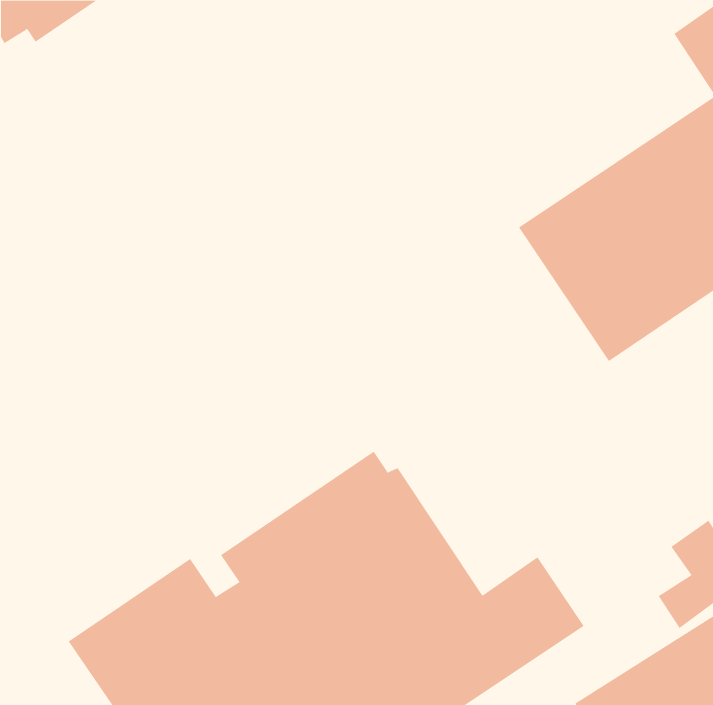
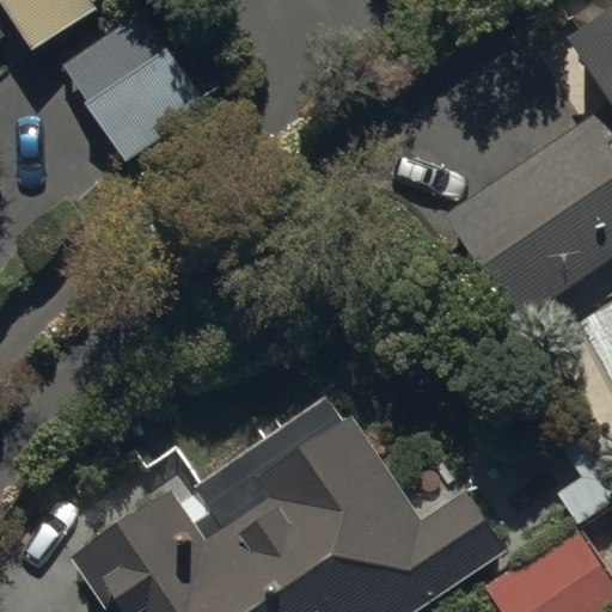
building: none -> [74,22,215,167]

